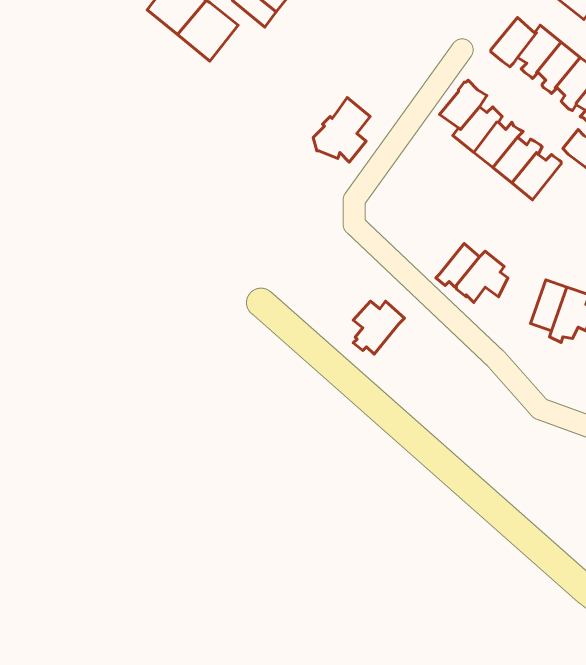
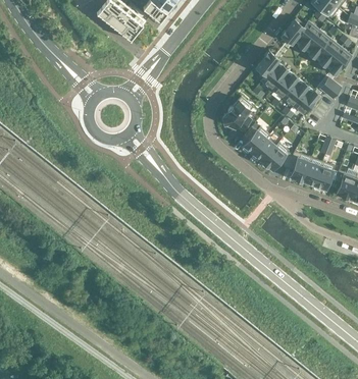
building: [313,98,370,162] -> [222,96,253,130]
building: none -> [286,152,311,181]
building: [353,301,405,354] -> [243,126,270,155]

